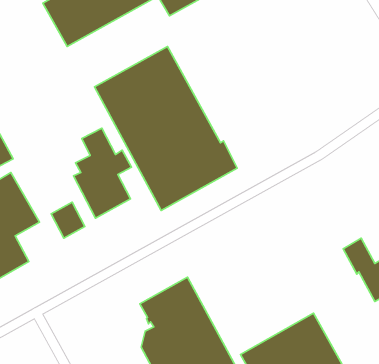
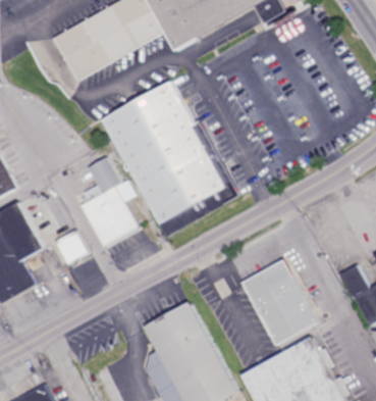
building: none -> [240,259,316,345]

